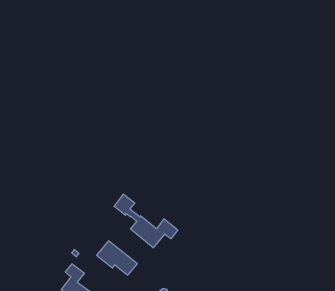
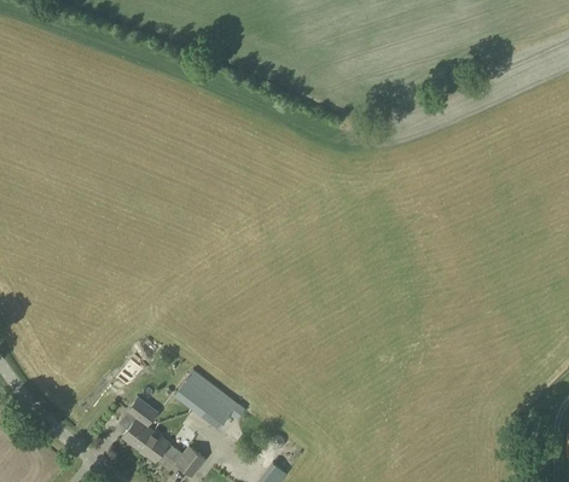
building: [114,194,178,248] -> none

